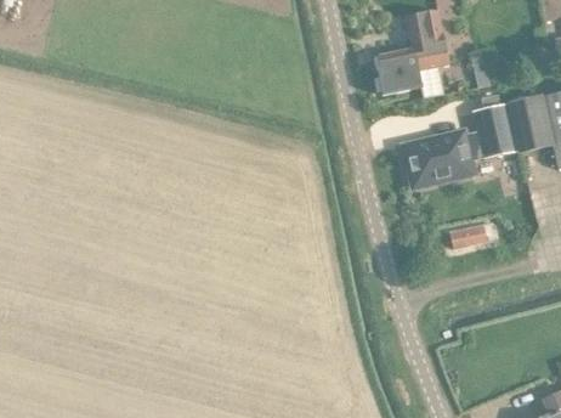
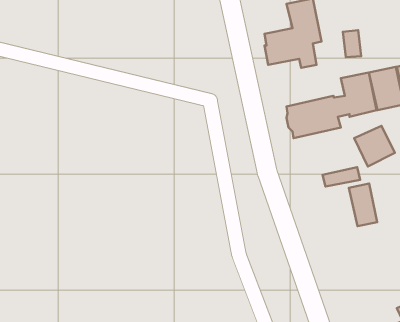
building: none -> [354,126,395,166]
building: none -> [349,183,377,226]

